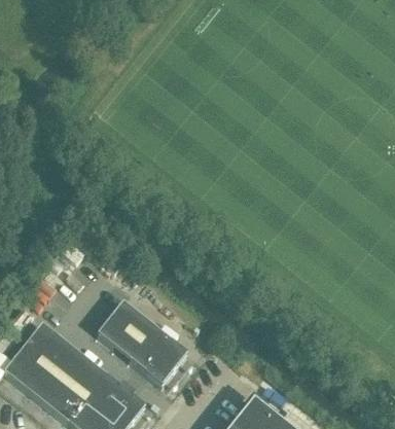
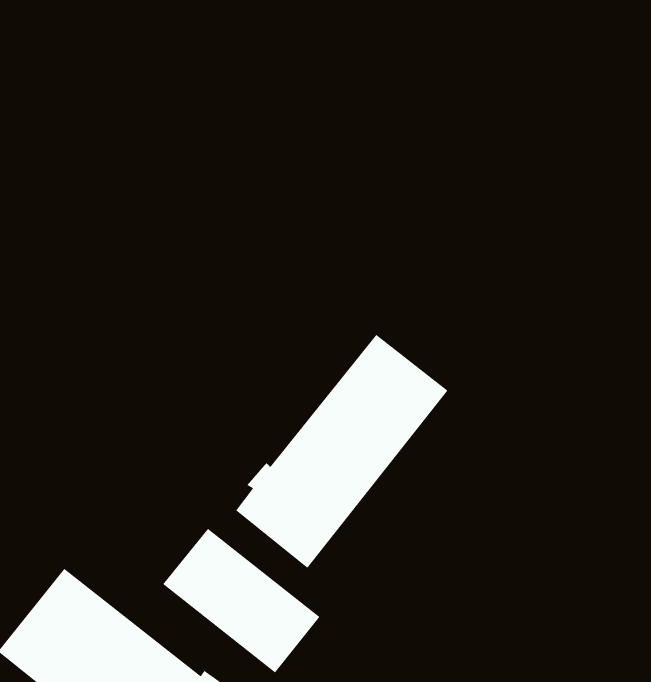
building: none -> [235,334,449,569]

